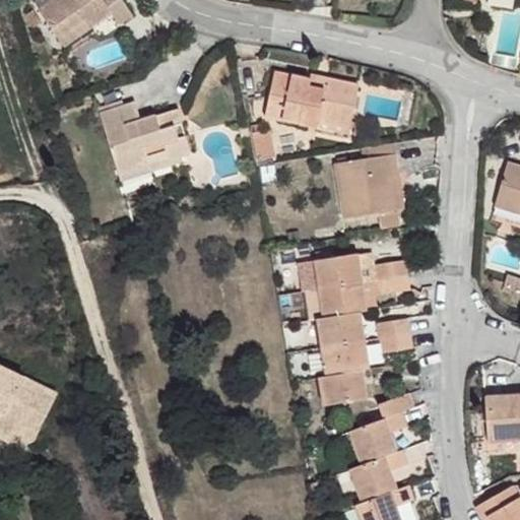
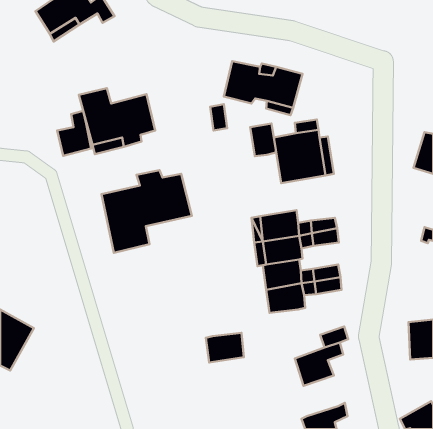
building: none -> [57,111,91,156]
building: none -> [250,123,276,156]
building: none -> [102,170,192,253]
building: [315,371,361,406] -> [206,333,244,362]
building: [356,448,413,499] -> none

